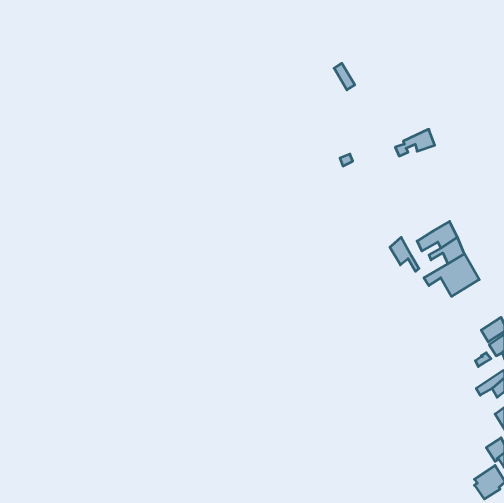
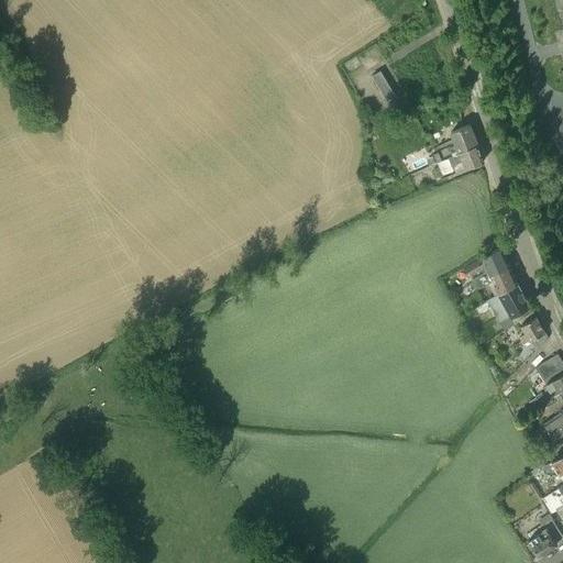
building: none -> [432,126,478,165]
building: [390,237,419,271] -> none
building: none -> [518,313,549,352]

